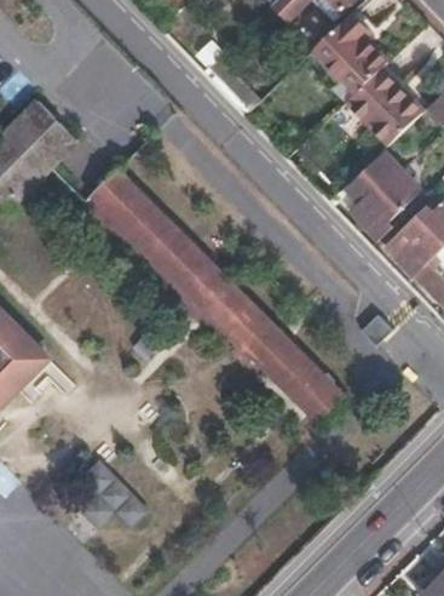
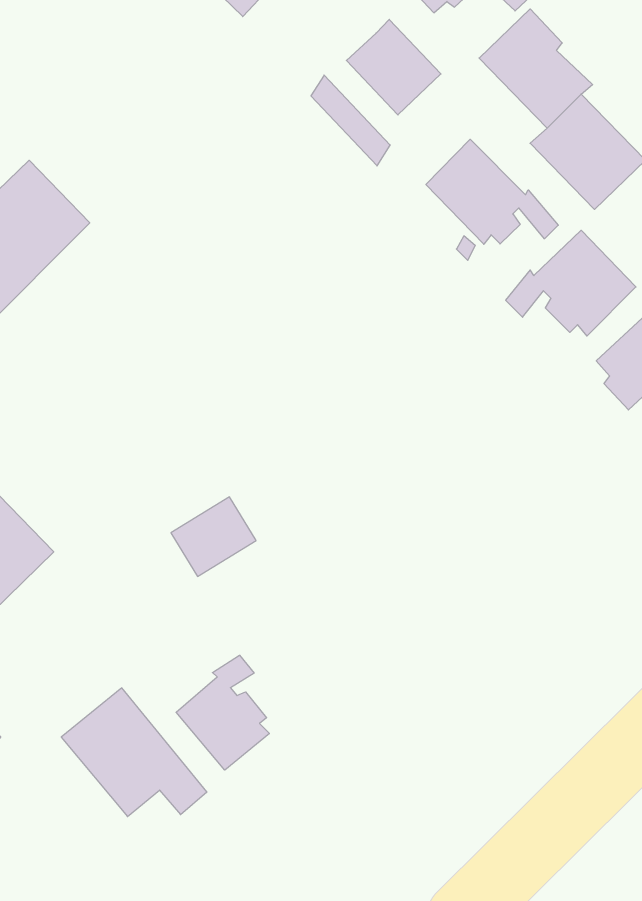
building: none -> [346,19,441,115]
building: none -> [426,139,558,244]
building: [91,168,340,423] -> none
building: none -> [176,655,269,770]

